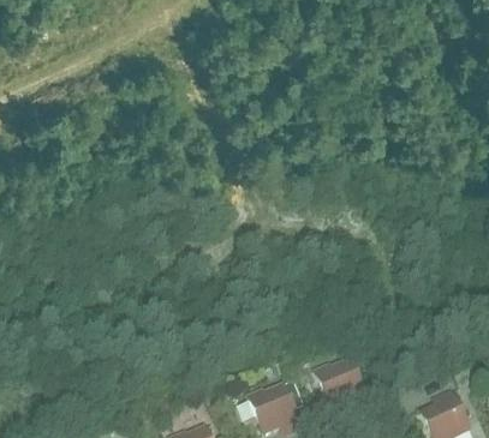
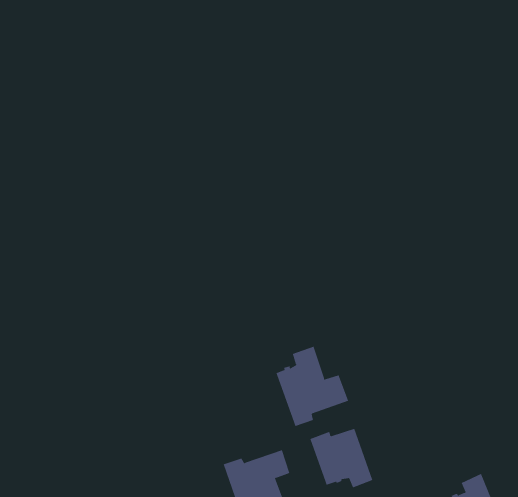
building: none -> [275,346,349,427]

